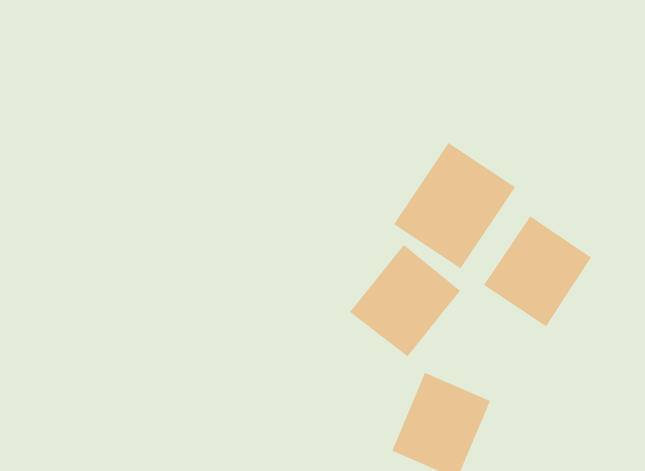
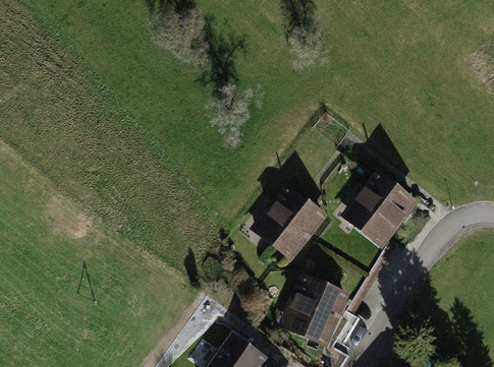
building: [393,142,516,269] -> none

